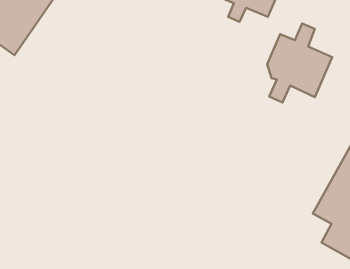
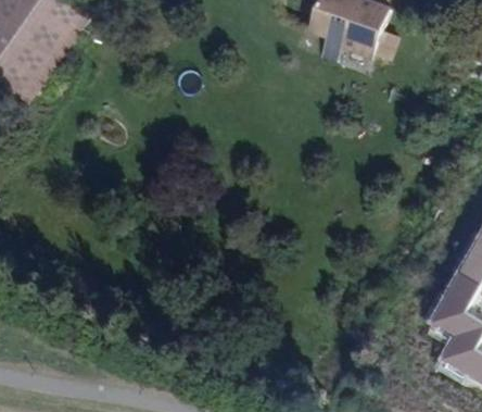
building: [267,23,332,102] -> none

